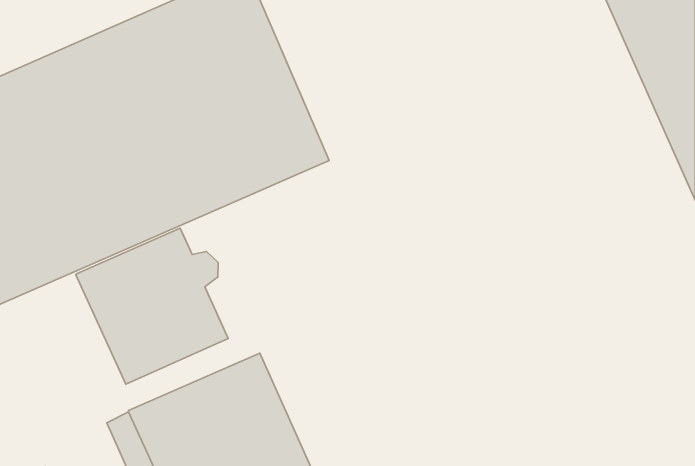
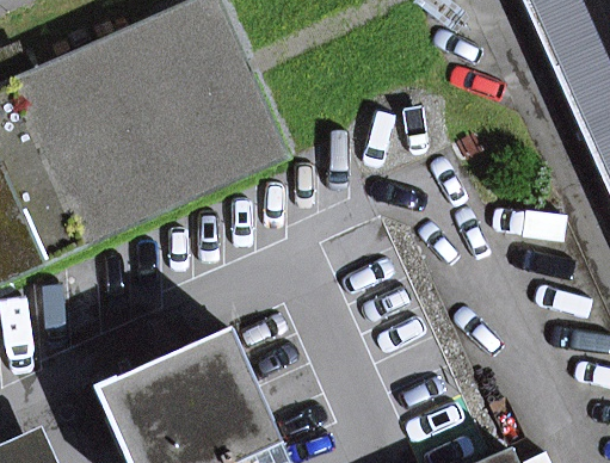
building: [76,228,228,384] -> none

